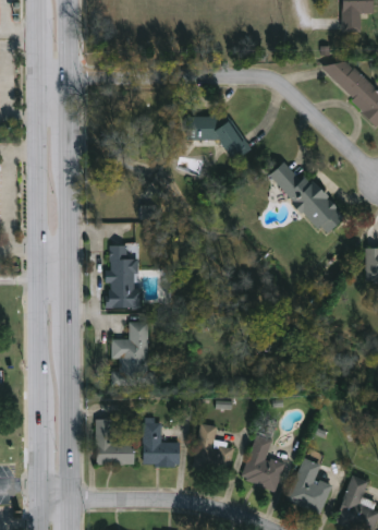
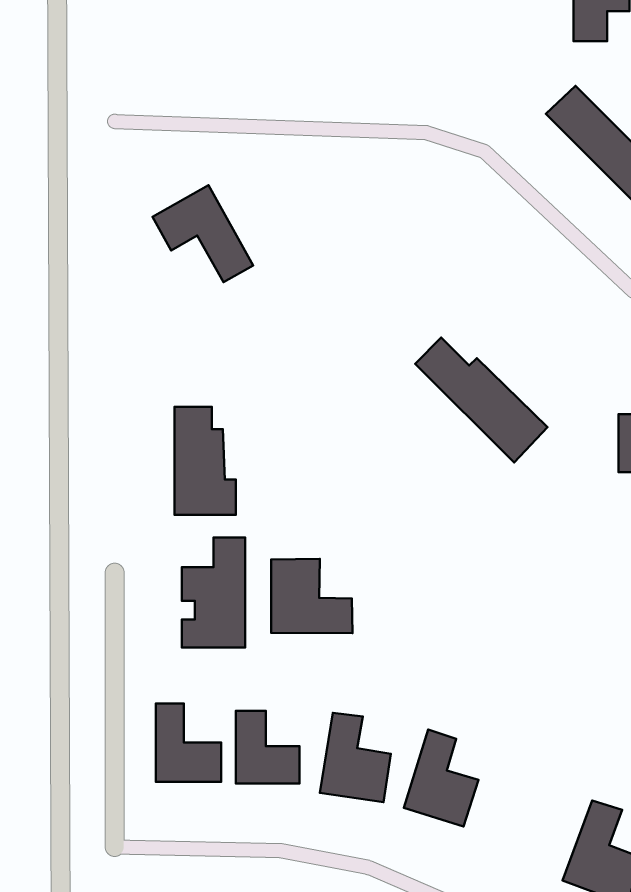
building: [193,109,252,166] -> [153,185,253,282]
building: [271,166,349,239] -> [415,338,548,463]
building: none -> [271,559,352,633]
building: [286,457,333,516] -> none

